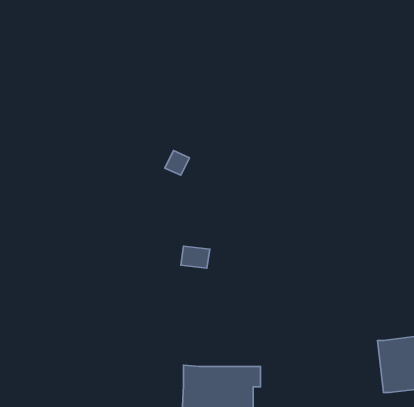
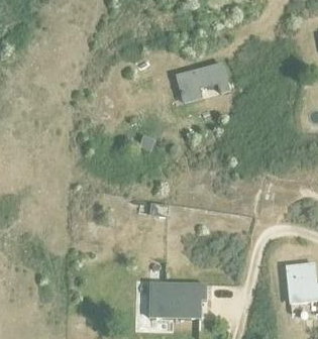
building: none -> [177,63,229,102]

